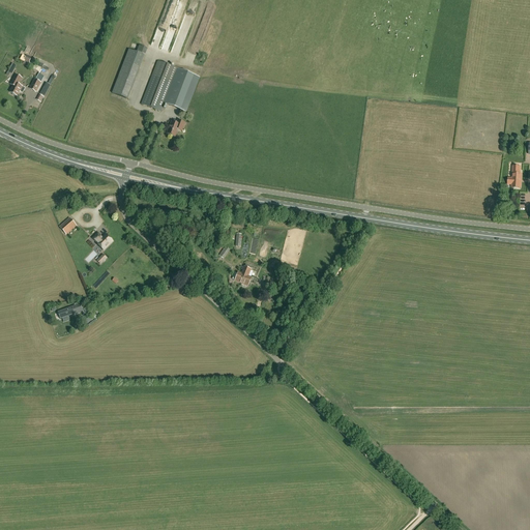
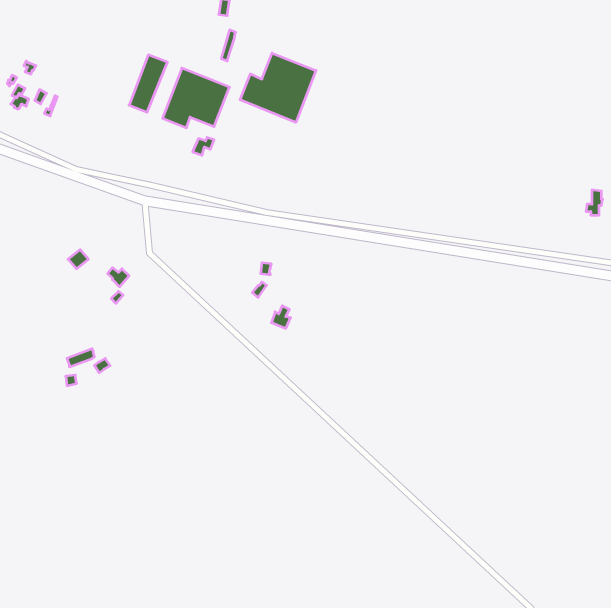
building: none -> [240,53,316,122]

